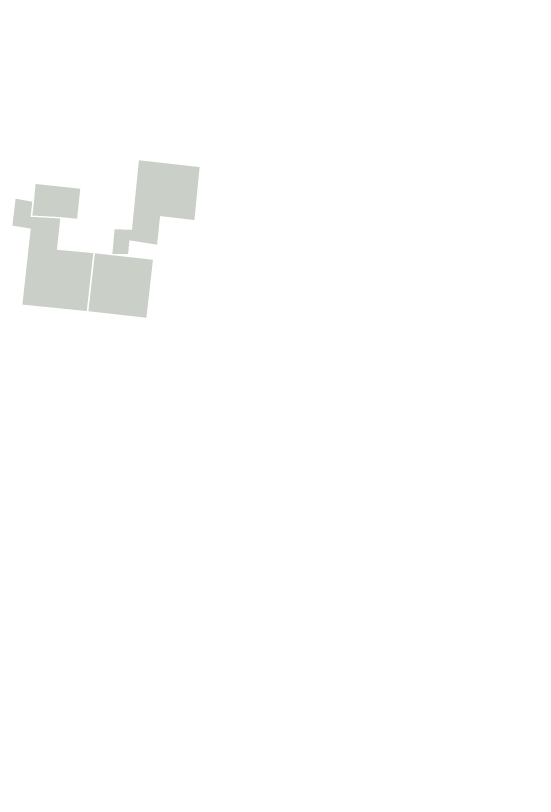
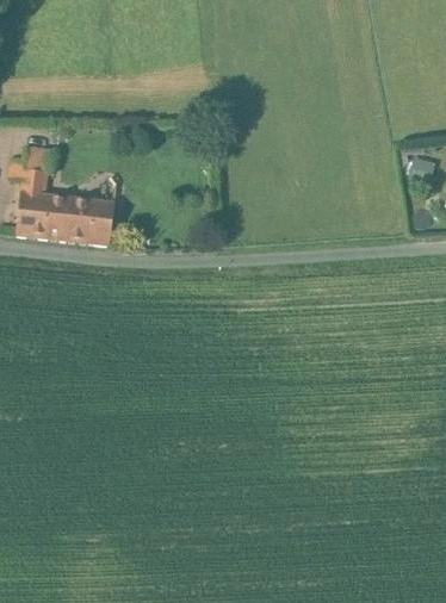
building: [111,160,200,255] -> none

